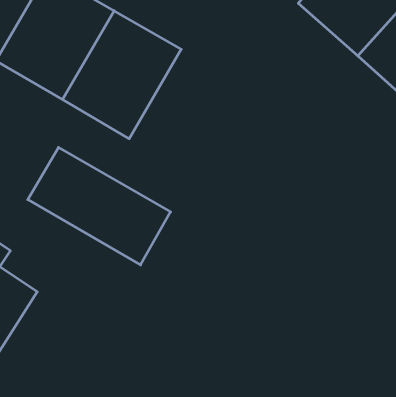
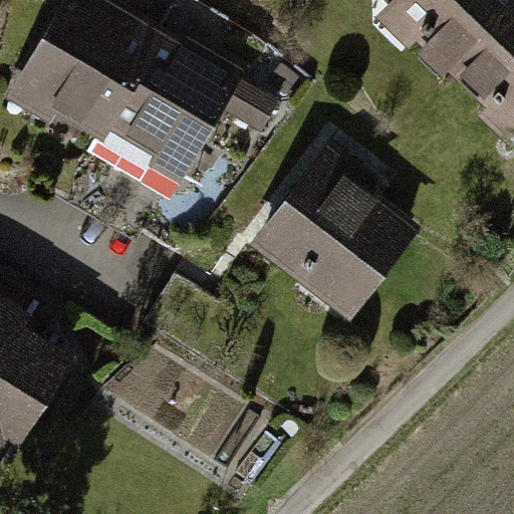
building: none -> [250,144,413,321]
building: [28,147,171,265] -> none

